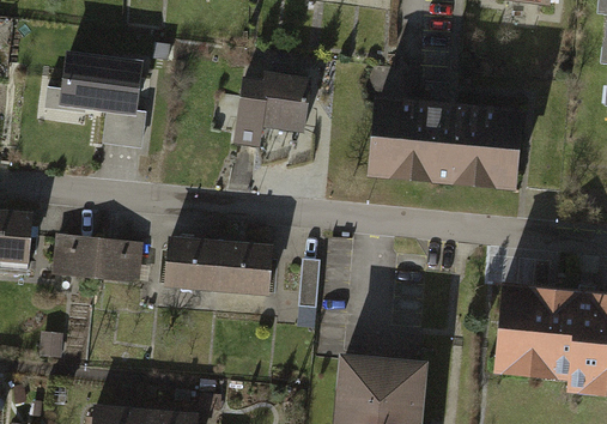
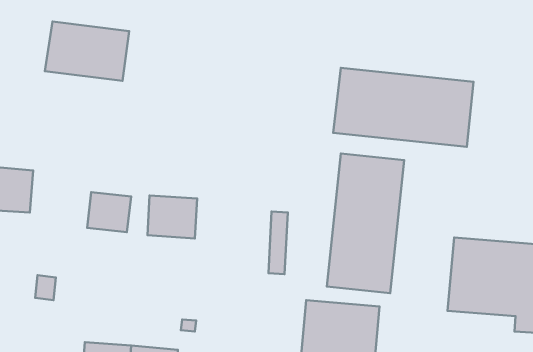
building: [237,69,317,146] -> none
building: none -> [327,154,404,293]
building: [53,234,102,278] -> none
building: [217,246,273,292] -> none

